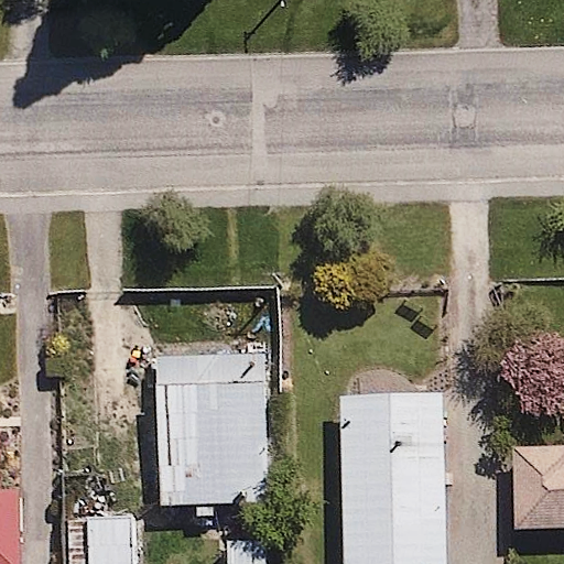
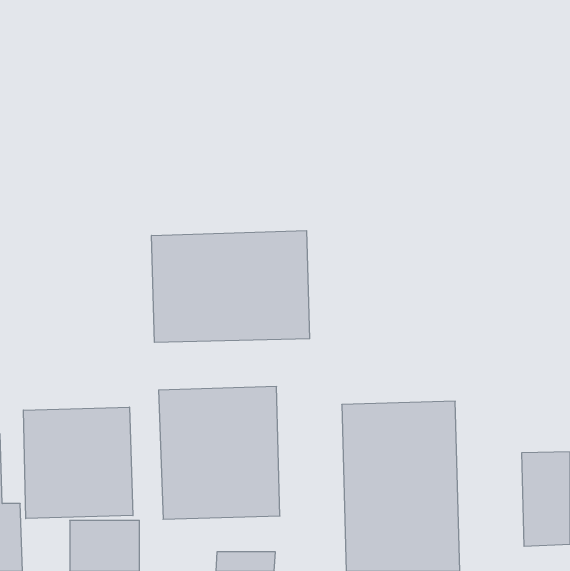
building: none -> [152,231,310,342]
building: none -> [23,407,133,519]

